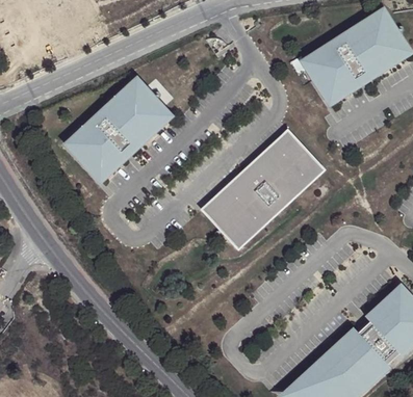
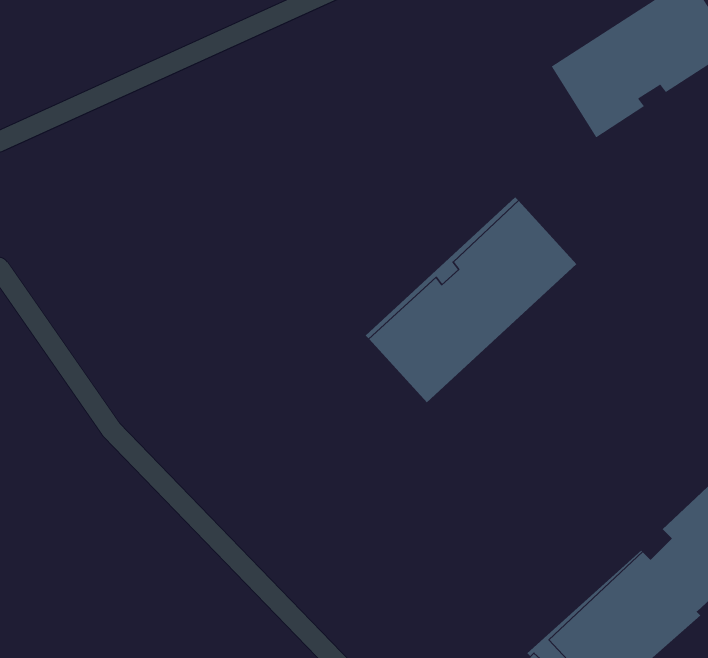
building: [69,80,169,178] -> none

